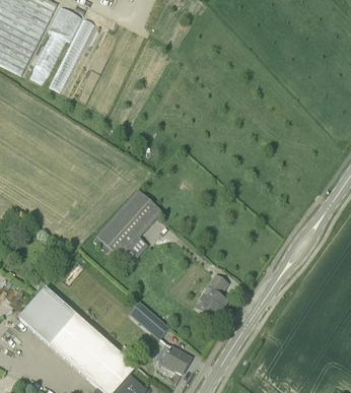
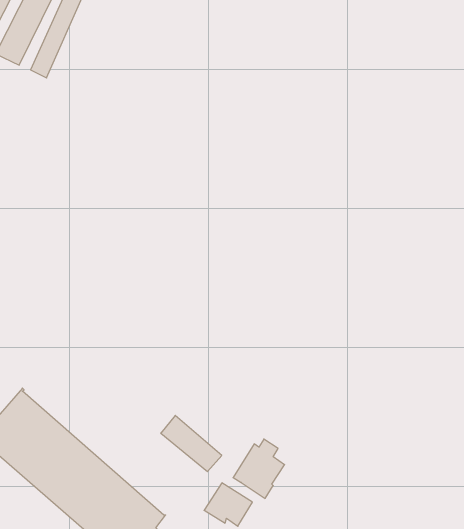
building: [98,190,164,266] -> none
building: [195,282,227,320] -> [233,439,285,498]

